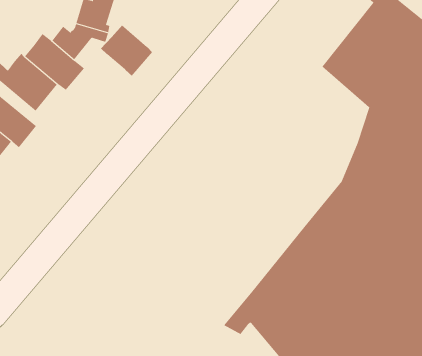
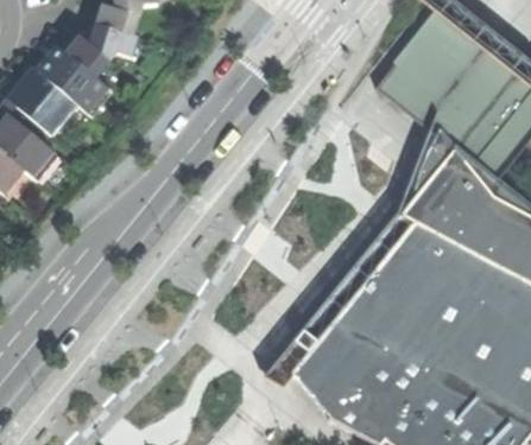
building: [100,24,153,77] -> none

